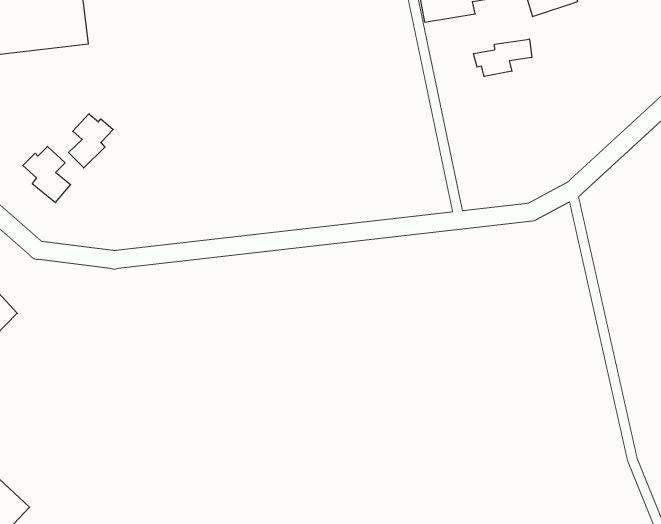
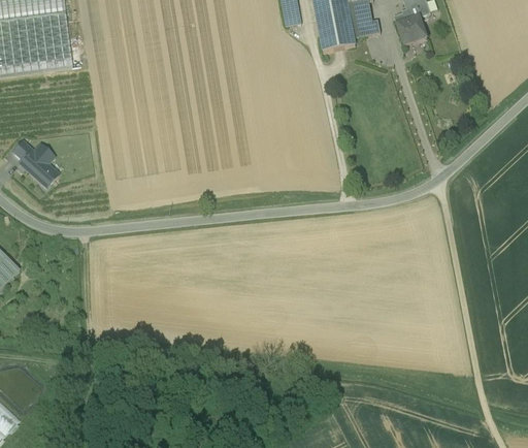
building: [474,39,532,77] -> none
building: [69,114,113,168] -> none

